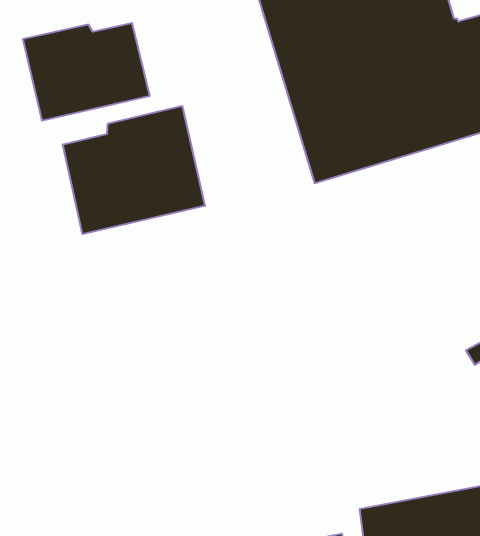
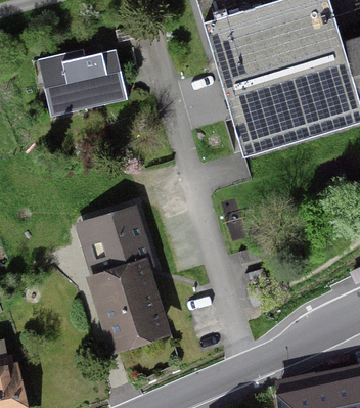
building: [63,106,205,234] -> none
building: none -> [78,220,164,348]

